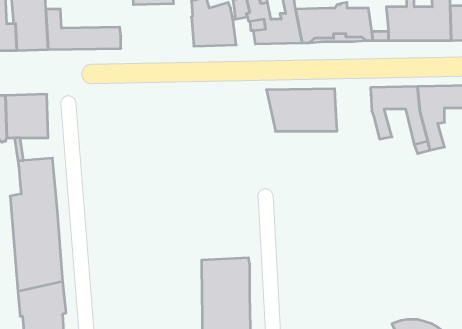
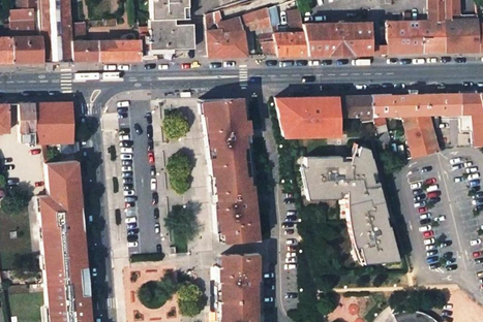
building: none -> [140,21,191,49]
building: none -> [338,96,374,123]
building: none -> [201,99,259,243]
building: none -> [305,149,398,261]

